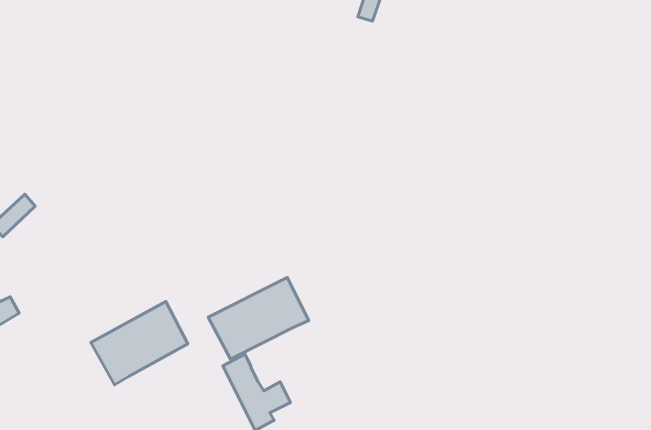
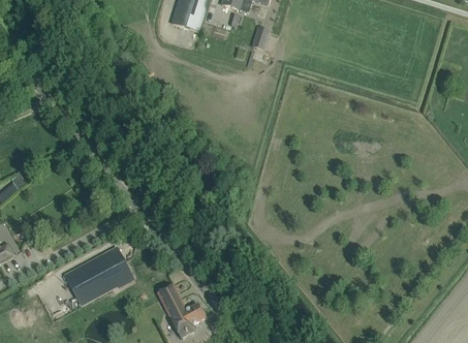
building: [208,278,309,359] -> none

